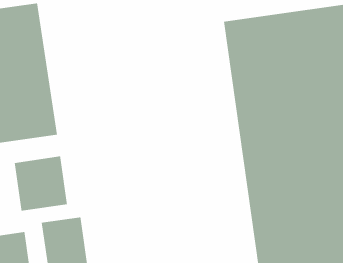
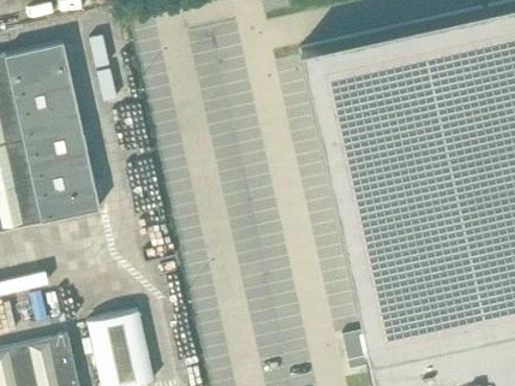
building: [14,156,68,212] -> none

